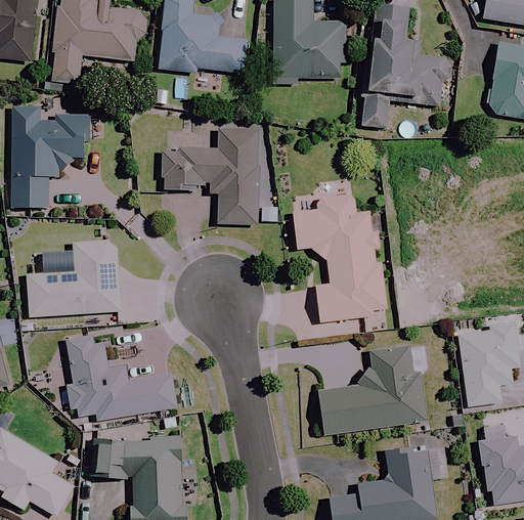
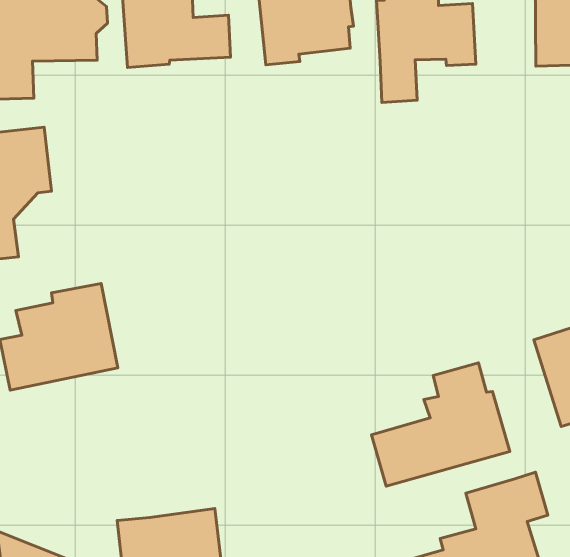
building: [163,134,259,223] -> none
building: [291,176,389,323] -> none
building: [64,337,179,422] -> none

